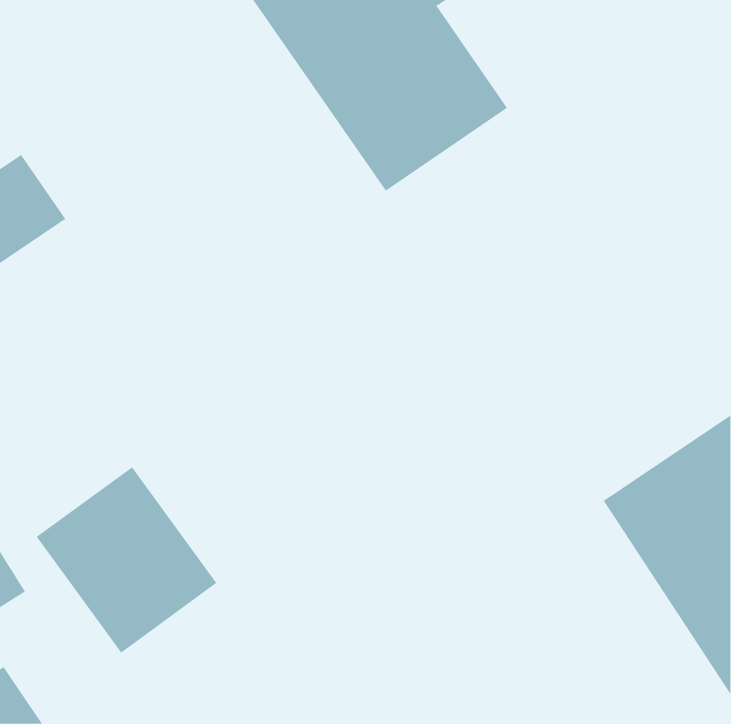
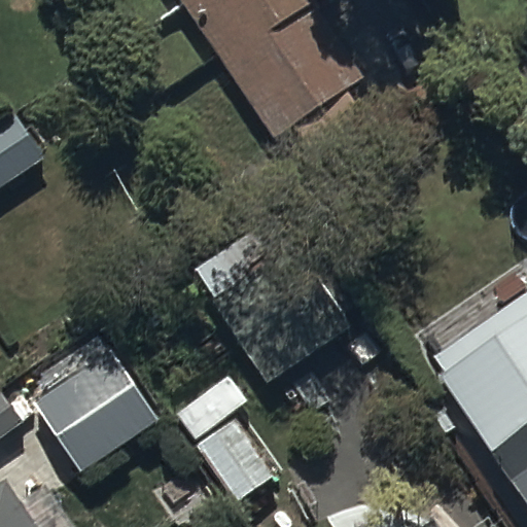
building: none -> [205,236,342,382]
building: none -> [173,372,278,503]

